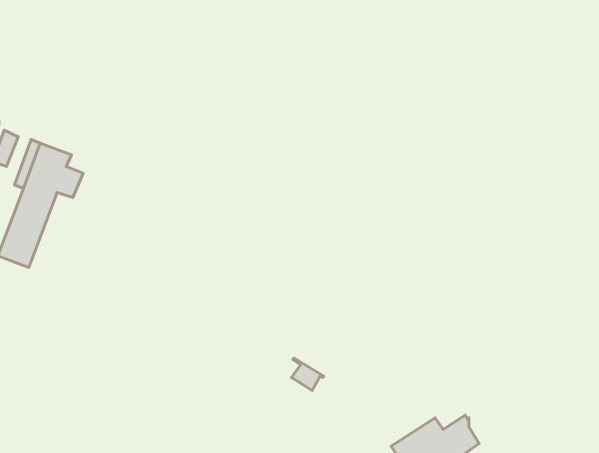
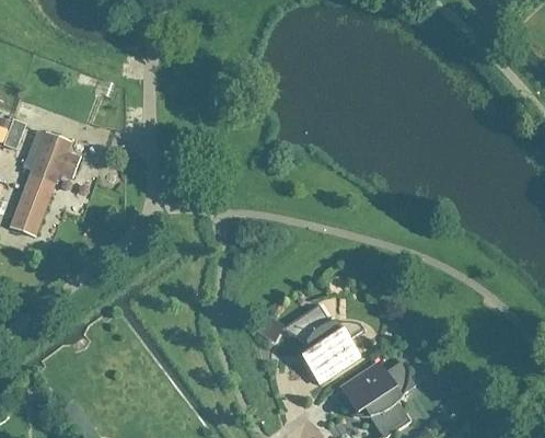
building: none -> [288,307,362,384]

